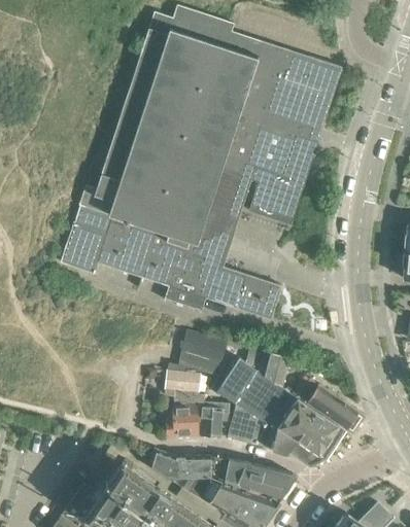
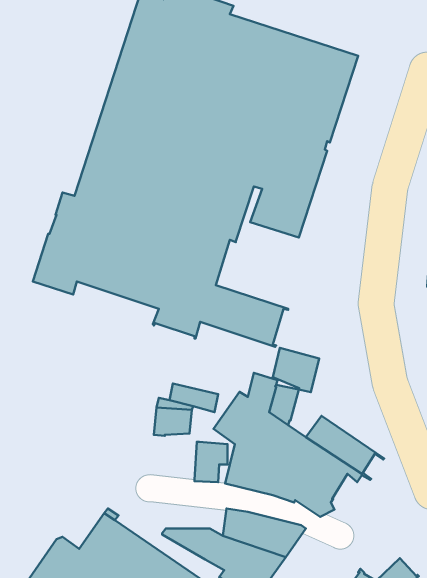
building: none -> [273,348,319,392]
building: [182,331,227,361] -> none
building: [167,395,206,438] -> none
building: [149,449,229,484] -> none

